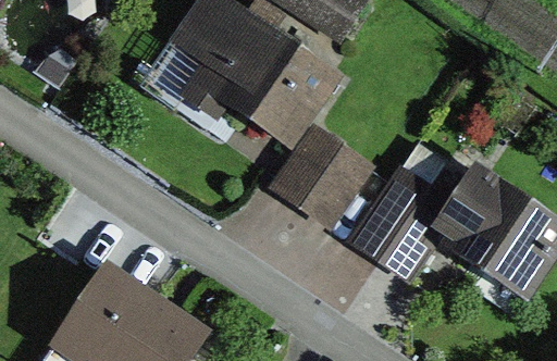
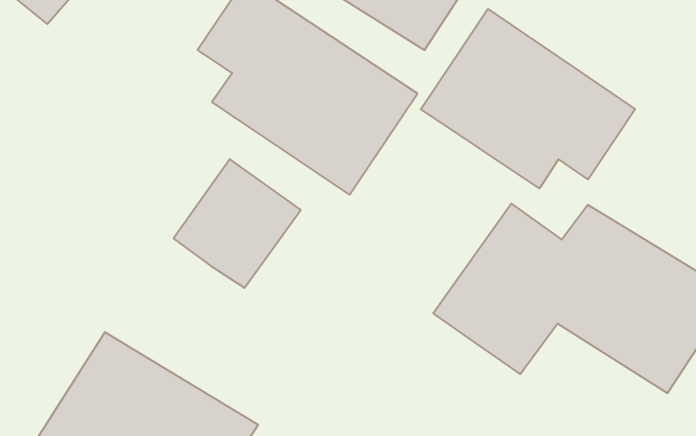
building: none -> [421,9,635,188]
building: [273,132,369,228] -> [174,159,301,288]

